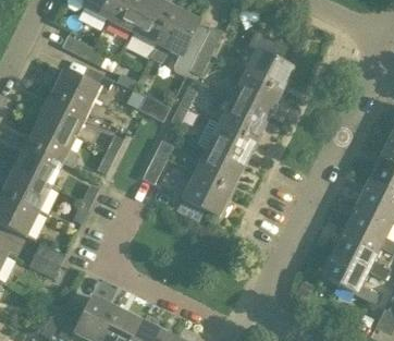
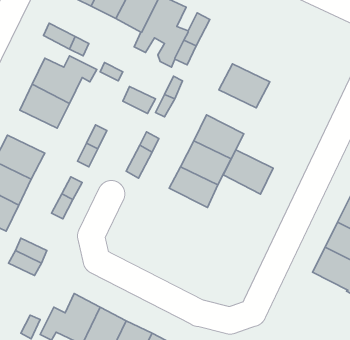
building: [244,31,293,92] -> none
building: [219,99,267,142] -> [223,150,273,194]
building: [27,119,77,167] -> none

